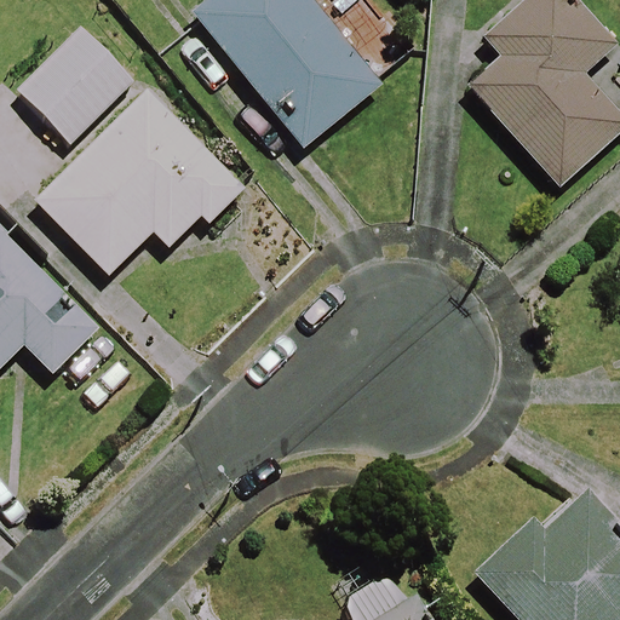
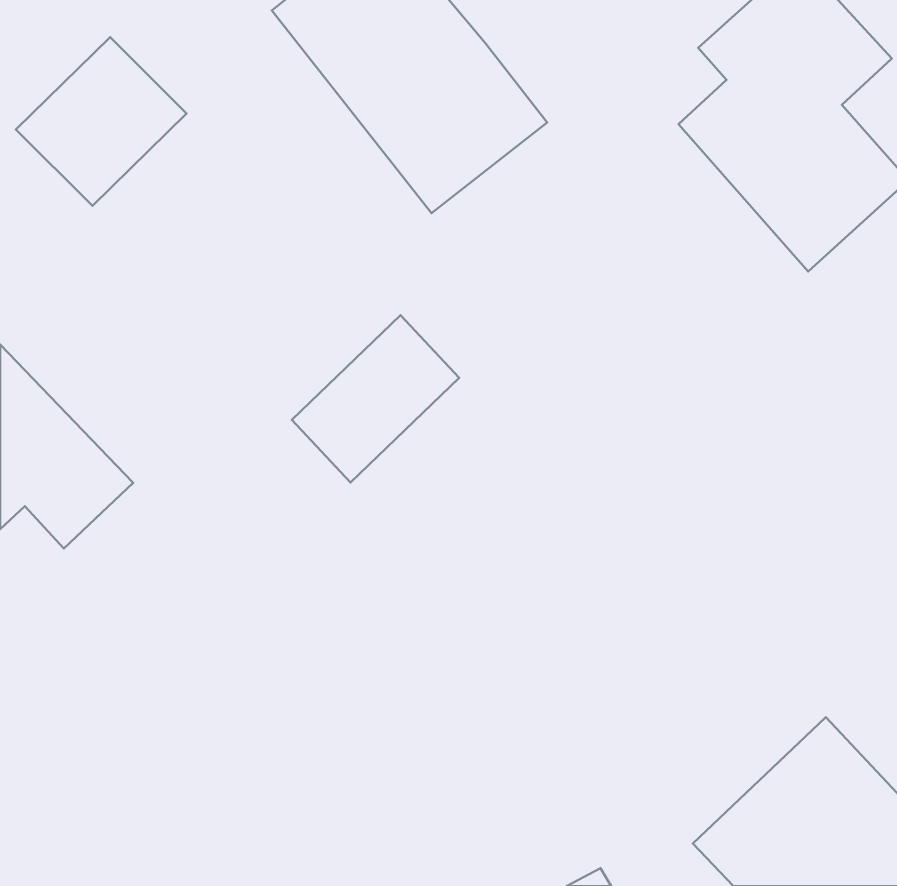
building: [36,91,242,272] -> none
building: none -> [292,315,459,482]

